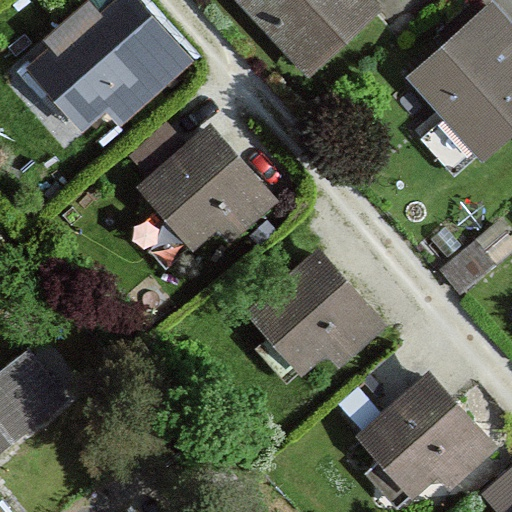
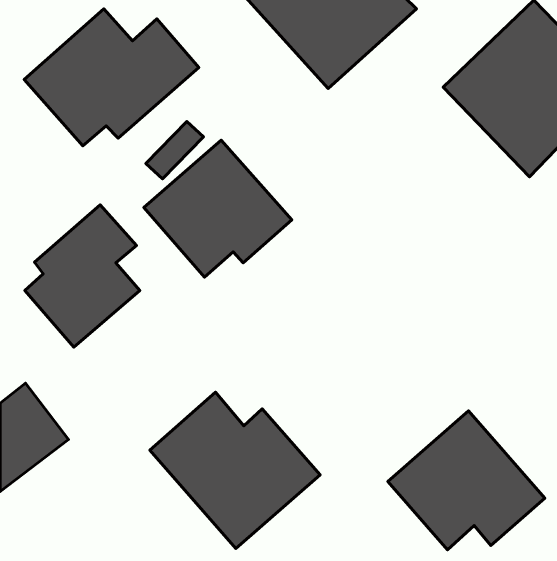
building: none -> [25,205,140,347]
building: [246,249,382,371] -> none
building: none -> [150,392,320,549]

